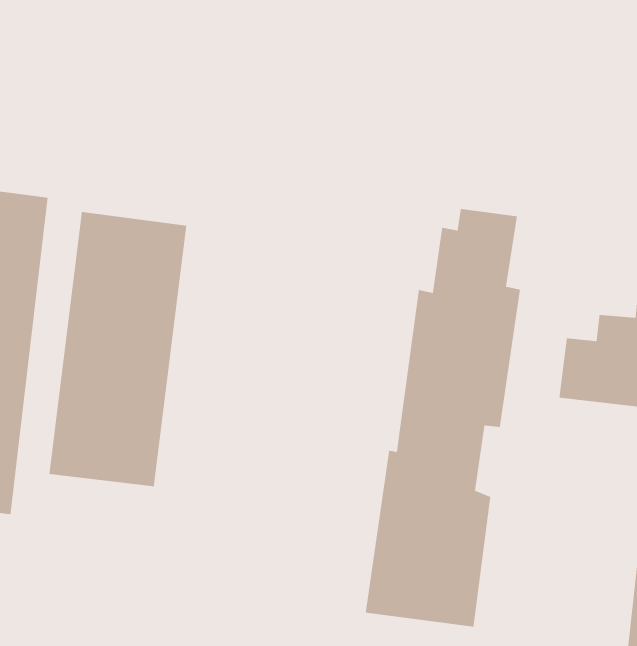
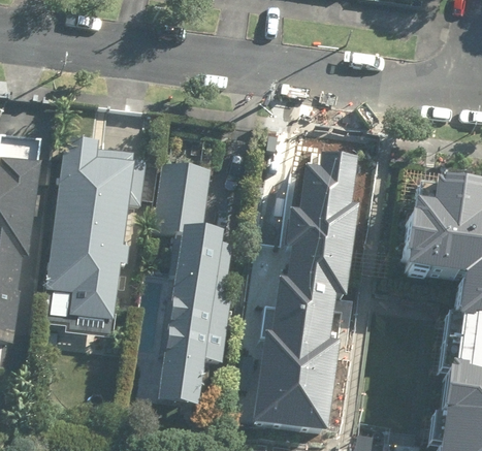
building: none -> [153,159,227,406]

